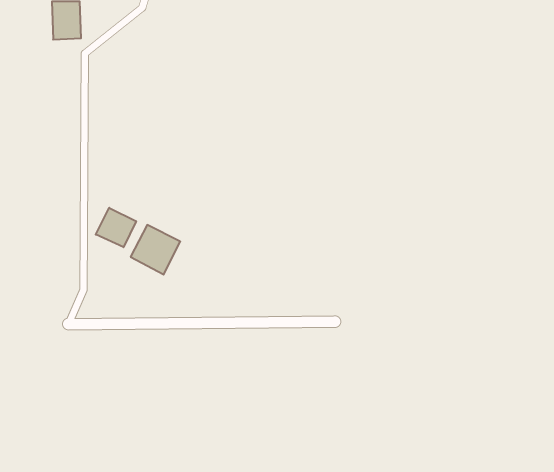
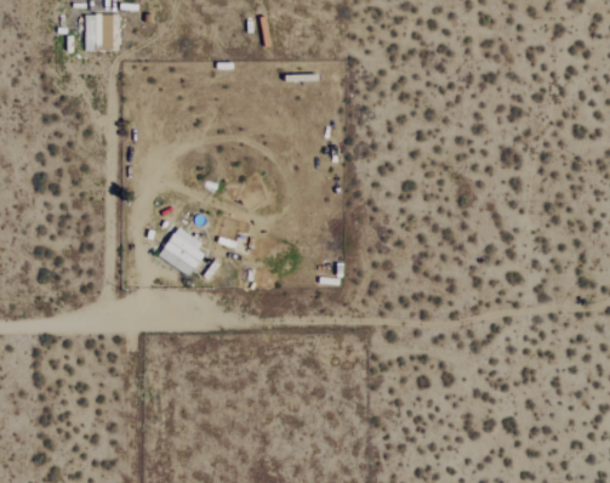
building: [96,208,136,247] -> none

